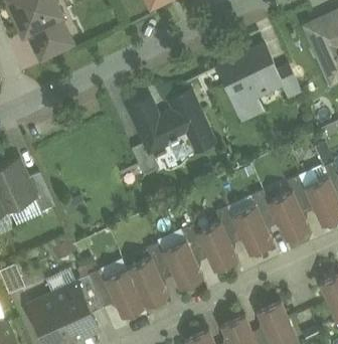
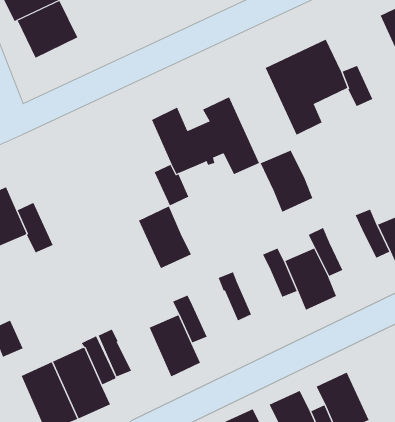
building: [268,193,309,241] -> [260,150,313,213]
building: [196,222,237,271] -> none
building: [162,240,203,289] -> [138,206,192,269]
building: [104,269,145,317] -> none

